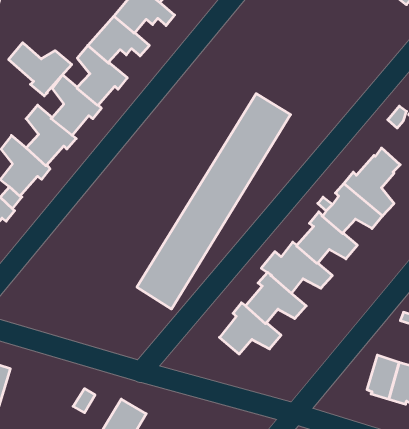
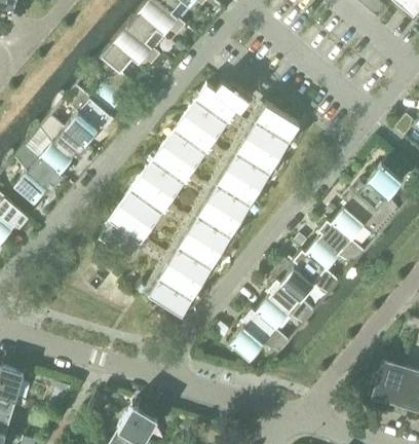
building: [9,43,72,96] -> none
building: none -> [99,83,253,260]

